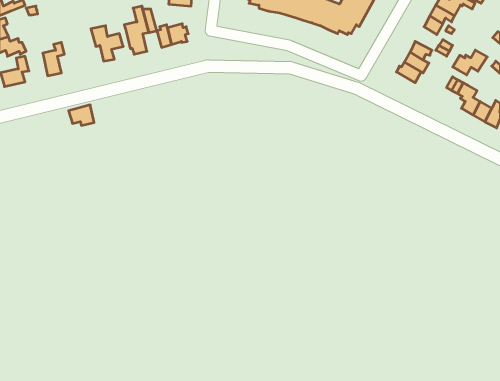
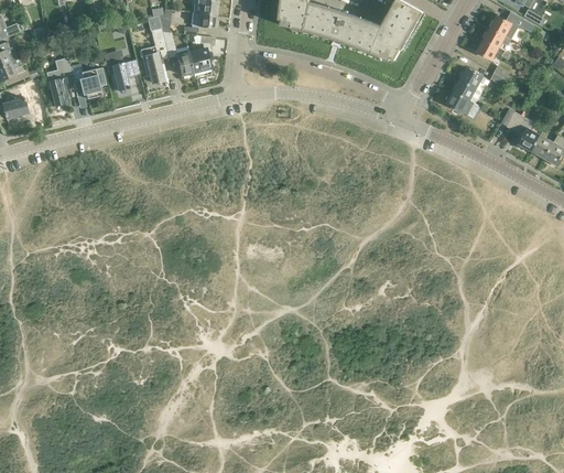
building: [453,50,487,75] -> none
building: [69,105,94,125] -> [73,75,101,98]

